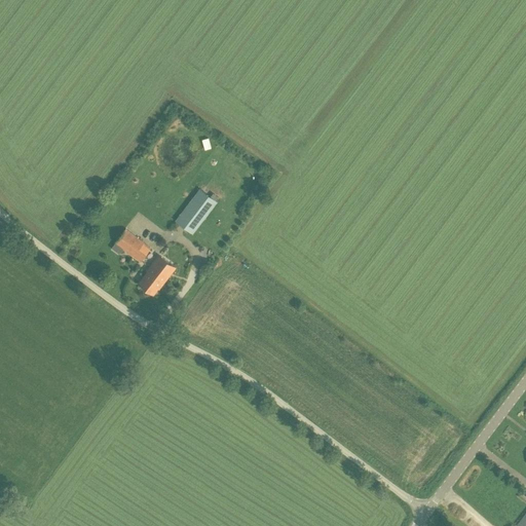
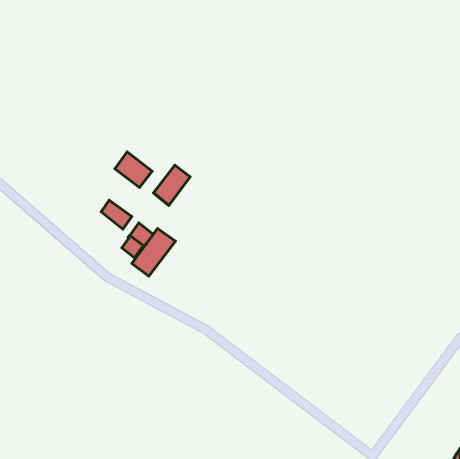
building: none -> [115,152,152,187]
building: none -> [132,229,176,276]

